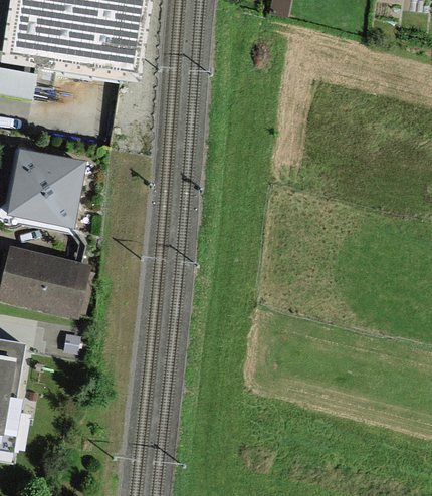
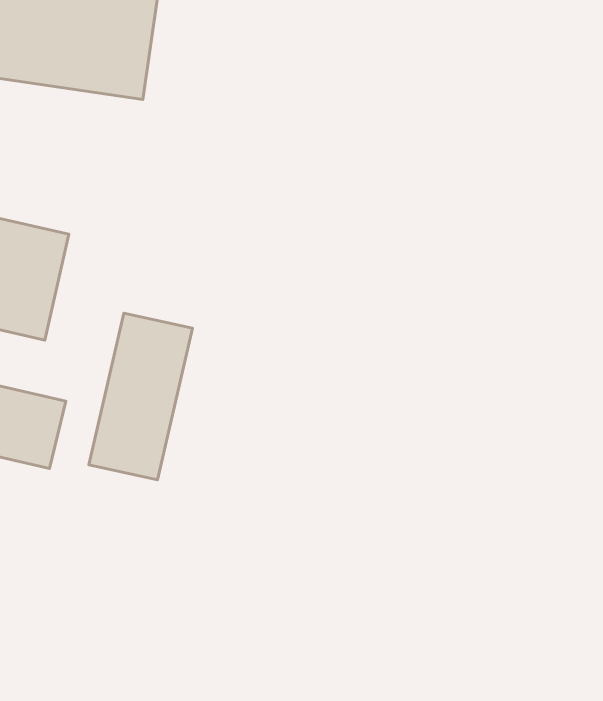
building: none -> [89,313,192,480]

